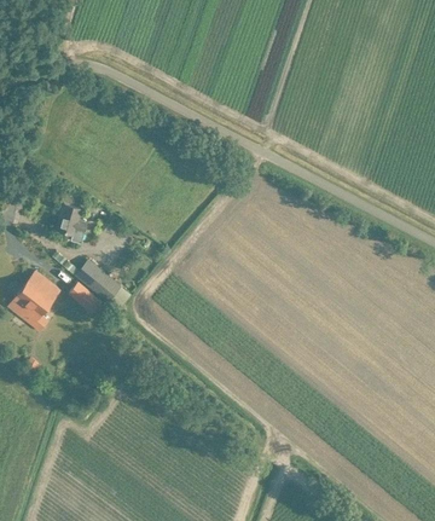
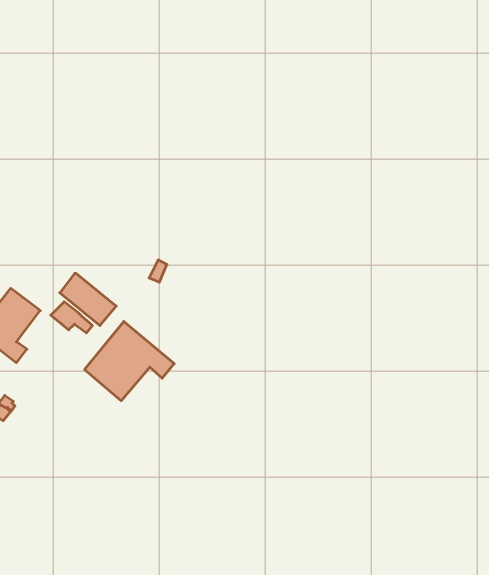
building: [58,205,88,244] -> none
building: none -> [85,321,174,401]

